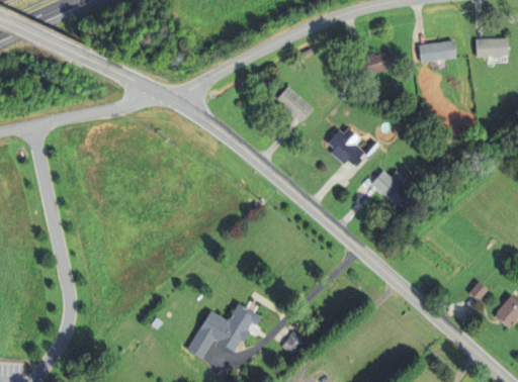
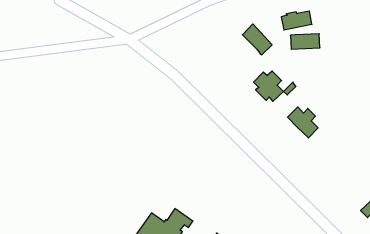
building: [419,40,456,62] -> [290,34,320,49]
building: [276,85,314,122] -> [242,24,272,55]

